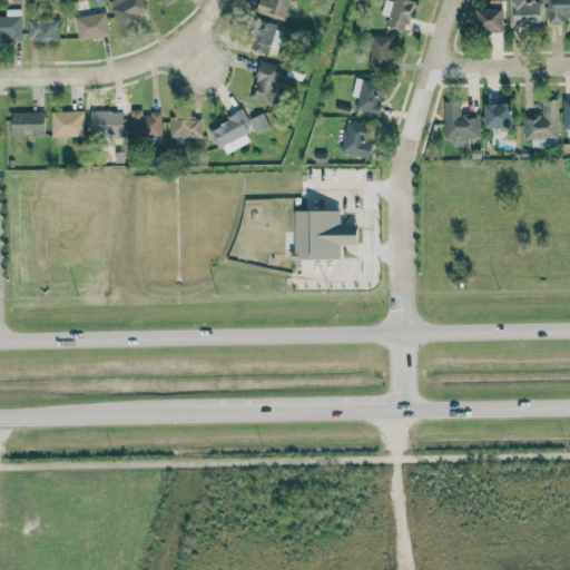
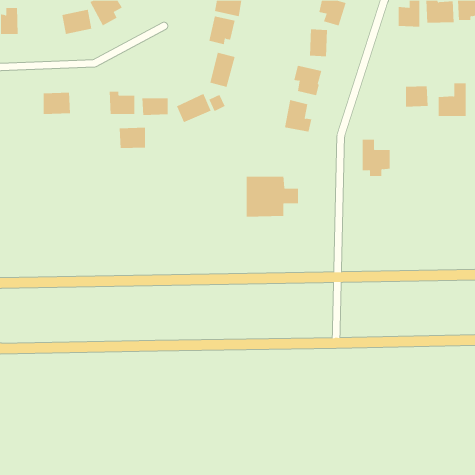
building: [28,20,60,40] -> none
building: [445,102,480,147] -> [362,139,391,176]
building: [91,111,124,137] -> [119,127,146,149]
building: [12,112,46,137] -> none

